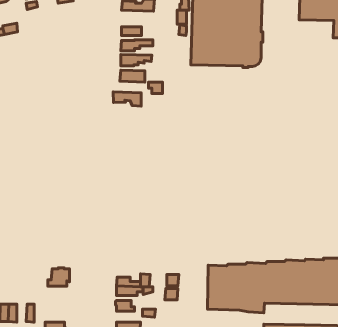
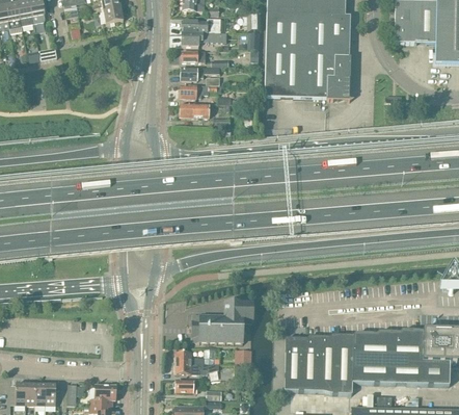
building: none -> [181,31,226,46]
building: [113,92,141,106] -> none
building: none -> [191,301,250,342]
building: [48,268,69,286] -> [89,384,115,406]

